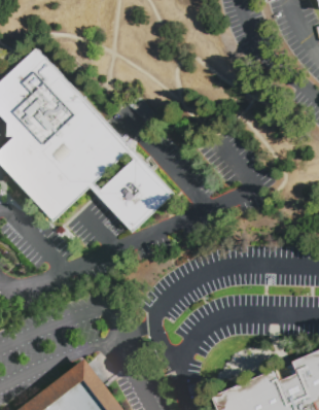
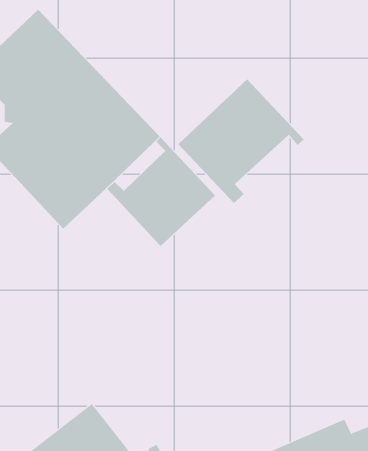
building: none -> [178,79,305,204]

